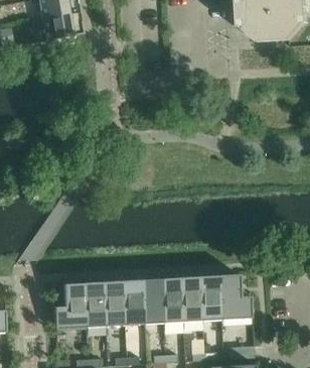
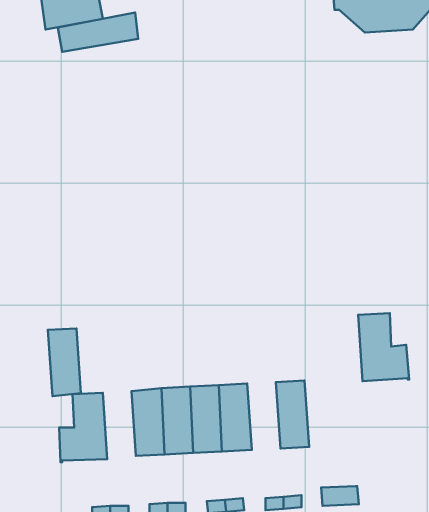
building: none -> [58,13,138,52]
building: [217,274,252,320] -> [358,313,409,381]
building: [179,276,201,322] -> none
building: [83,282,105,328] -> [48,328,81,396]

